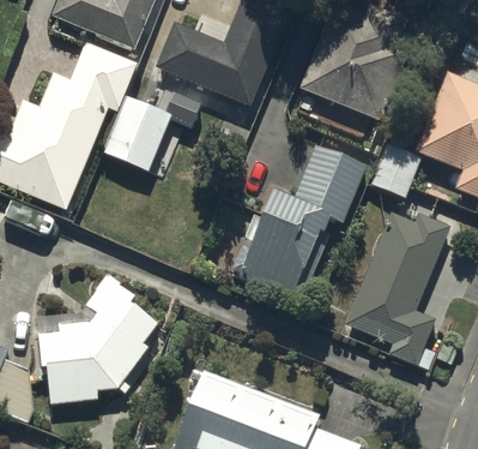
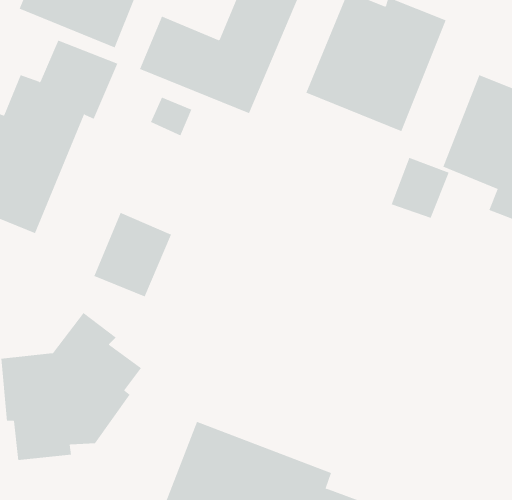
building: [103,98,170,172] -> [93,212,172,297]
building: [229,140,363,299] -> none
building: [345,211,449,365] -> none

